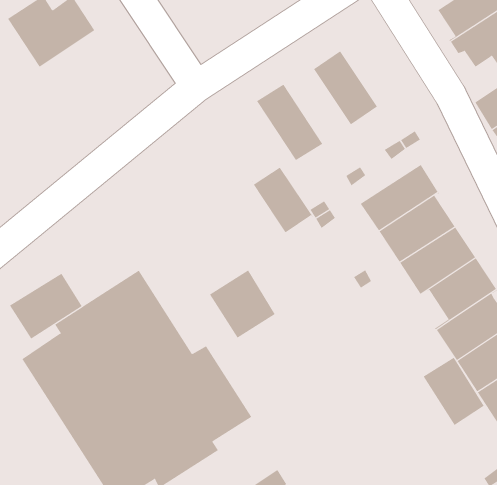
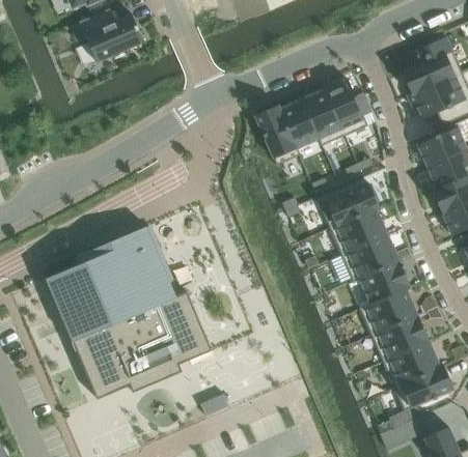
building: none -> [325,79,368,135]
building: [251,167,318,241] -> [278,98,323,155]
building: [209,269,275,338] -> none
building: [9,273,82,339] -> none
building: [423,357,485,426] -> none

